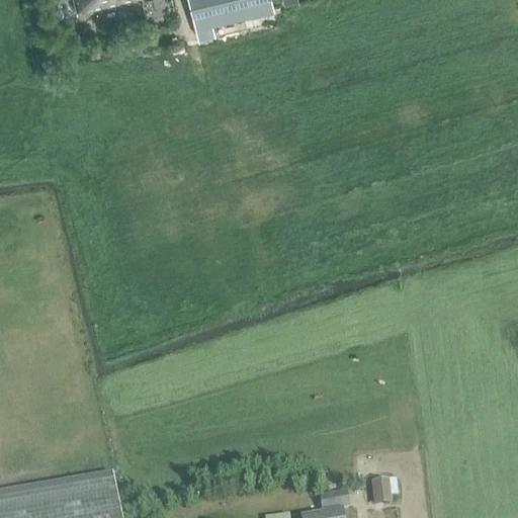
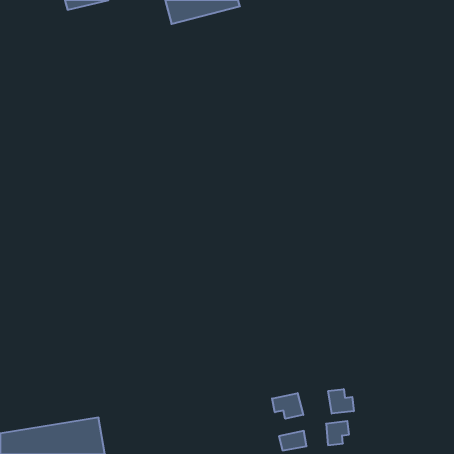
building: none -> [328,389,354,414]
building: none -> [272,393,303,419]

